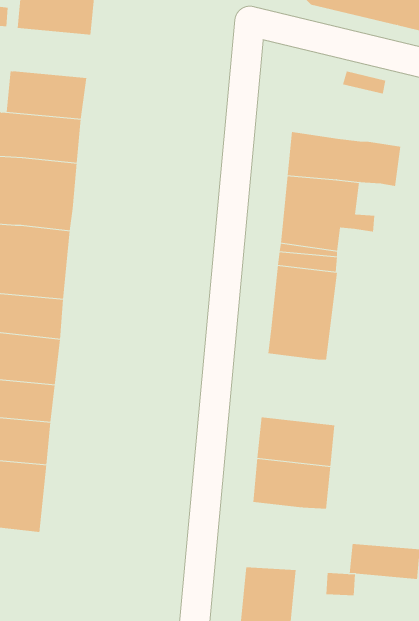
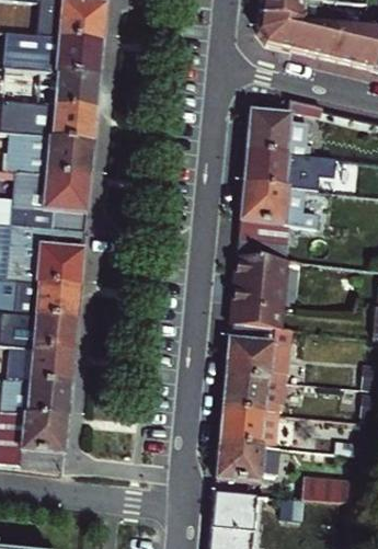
building: none -> [33,64,95,103]
building: none -> [254,108,317,153]
building: none -> [230,322,297,379]
building: none -> [219,441,263,483]

